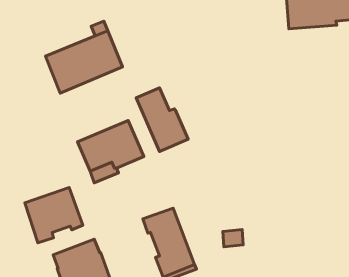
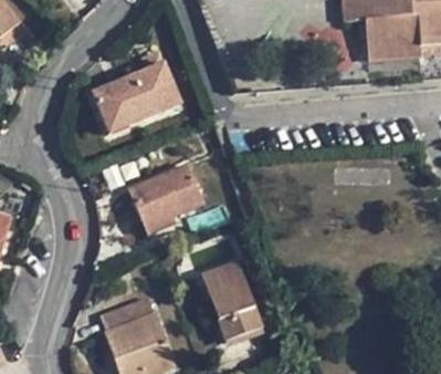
building: [136,88,188,151] -> none
building: [25,188,83,243] -> none

